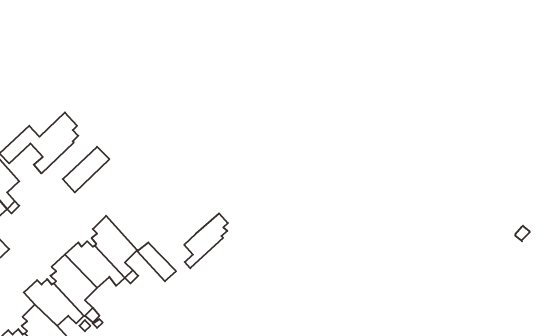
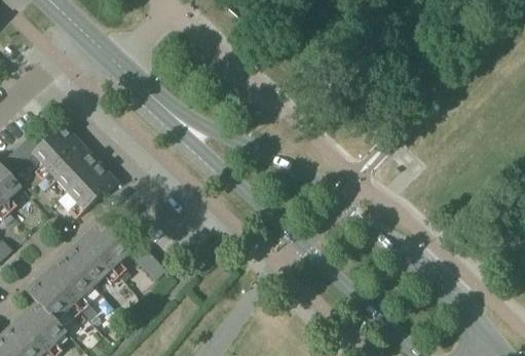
building: none -> [41,147,92,186]
building: none -> [69,165,110,215]
building: [184,213,228,268] -> none

